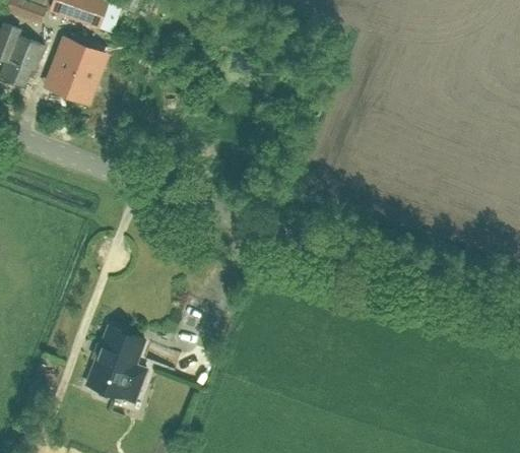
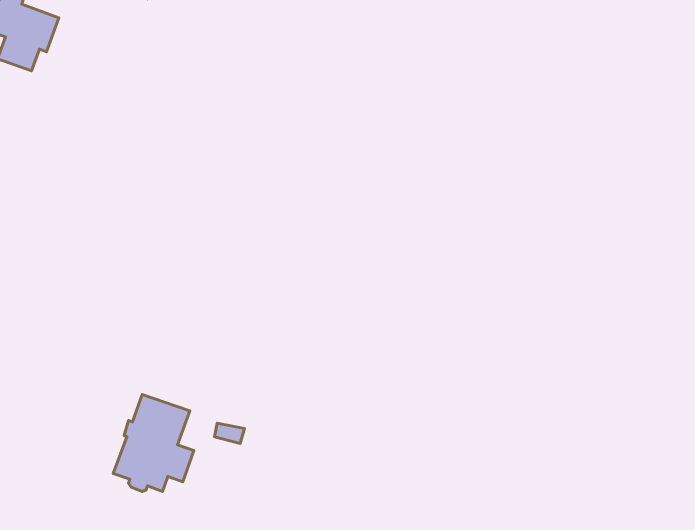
building: [51,39,108,101] -> none

